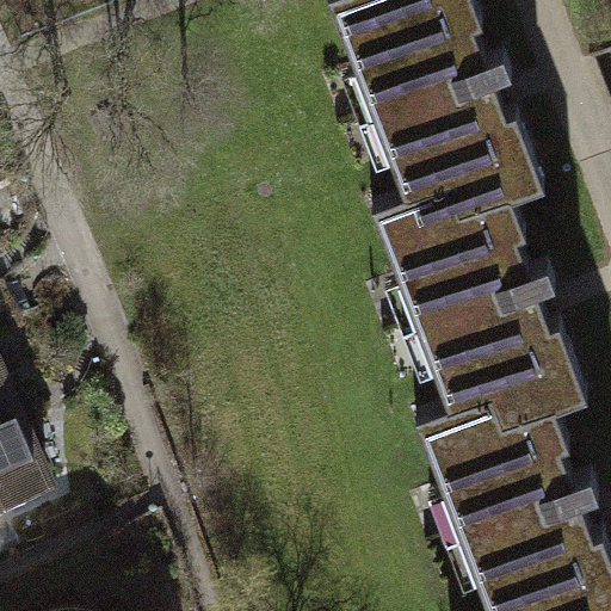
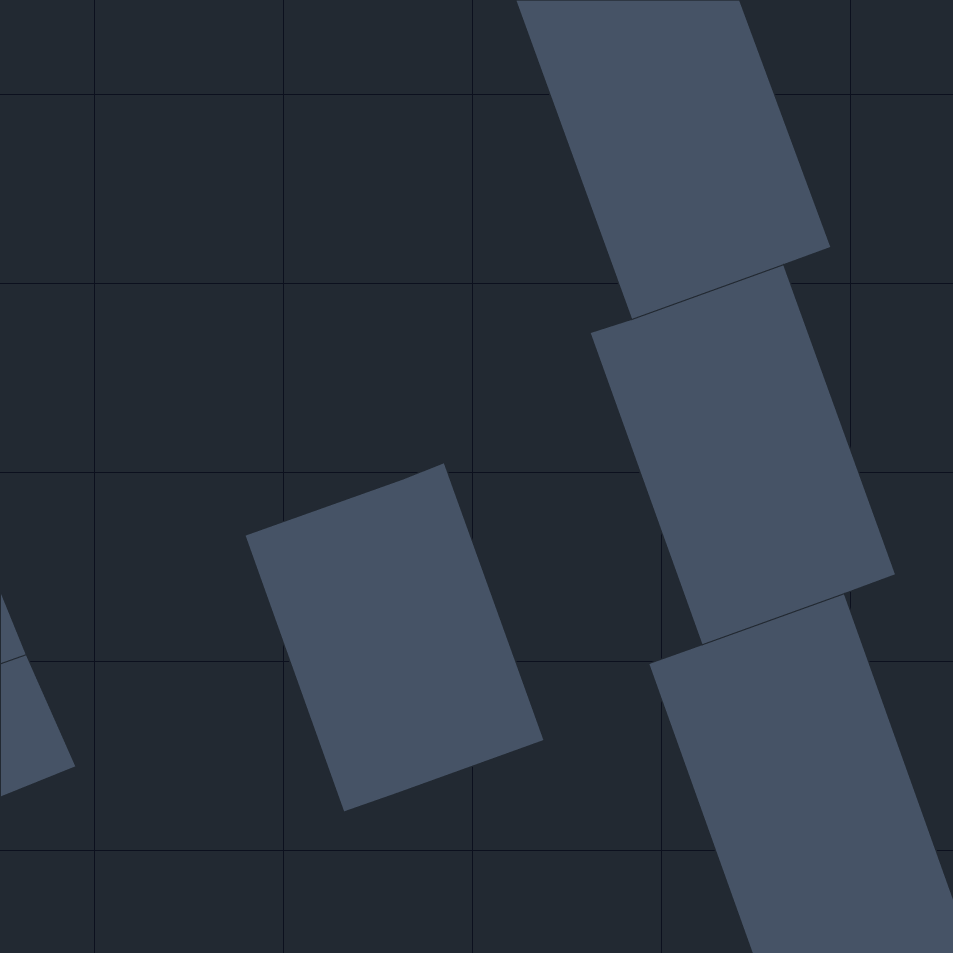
building: none -> [245,462,544,812]

